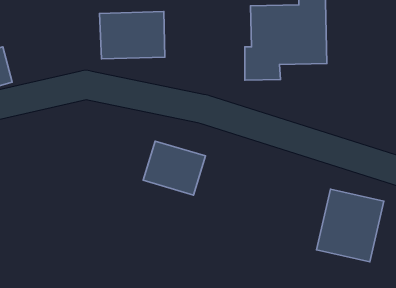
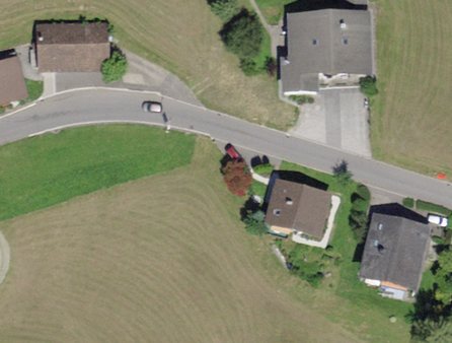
building: [100,11,165,59] -> [37,19,108,71]
building: [143,141,205,195] -> [263,178,331,236]

